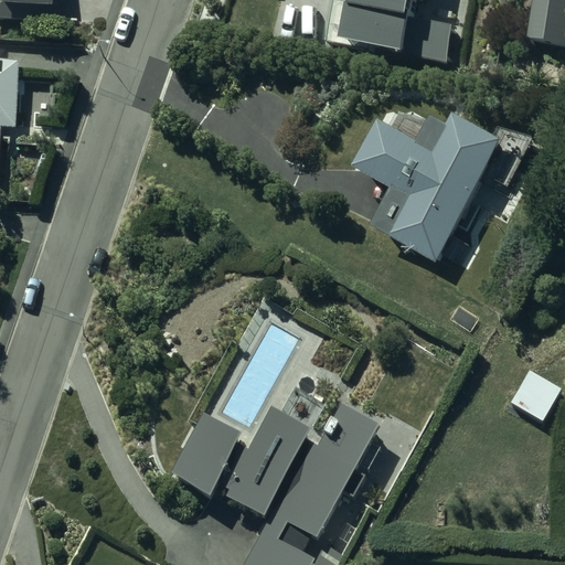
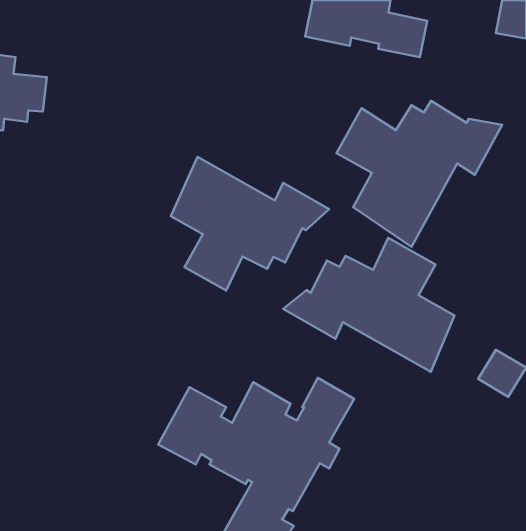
building: none -> [171,157,329,290]
building: none -> [283,238,455,372]

